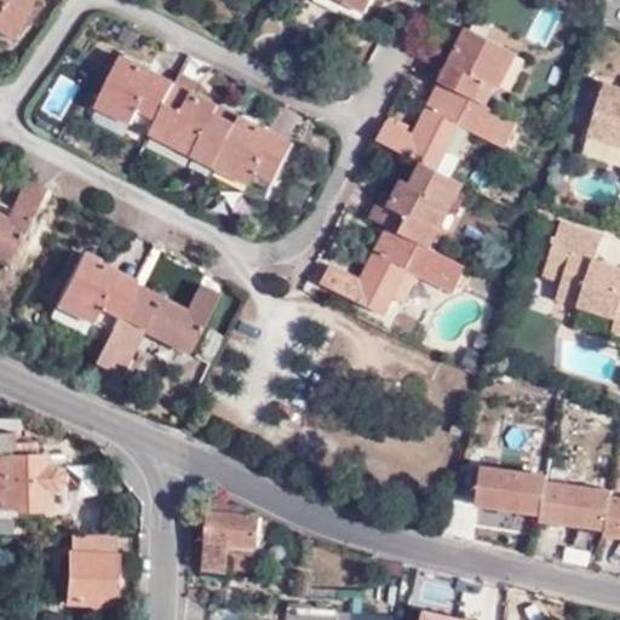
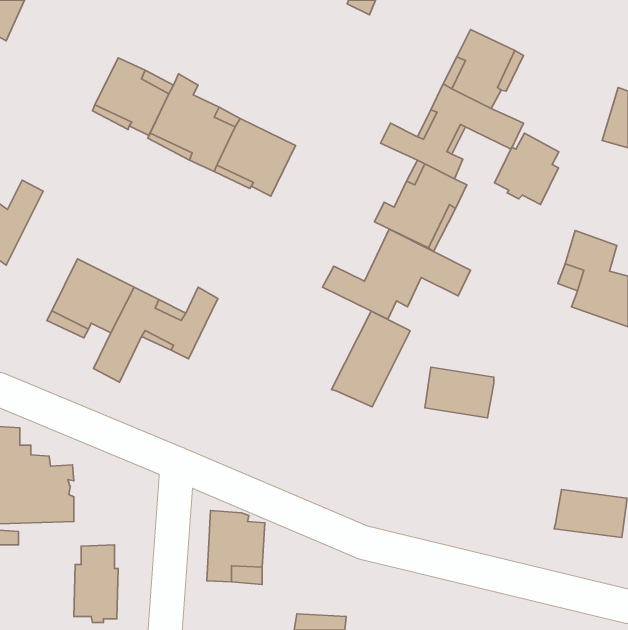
building: none -> [494,133,559,204]
building: none -> [331,311,410,407]
building: [484,465,552,515] -> [425,367,494,418]

